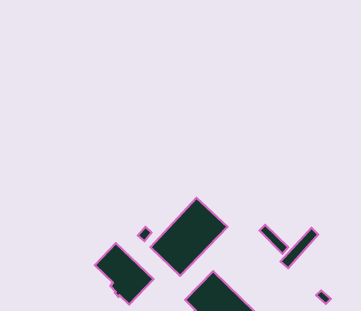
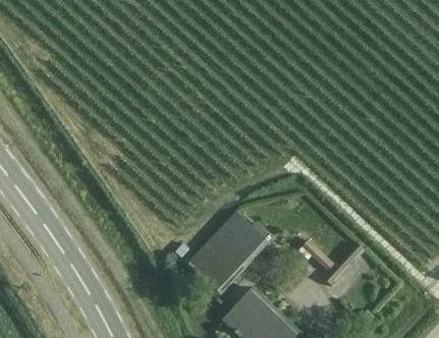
building: [95,243,154,304] -> none

